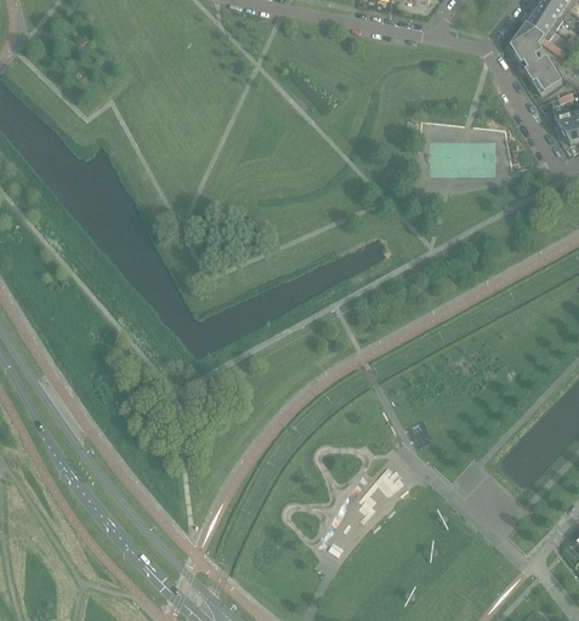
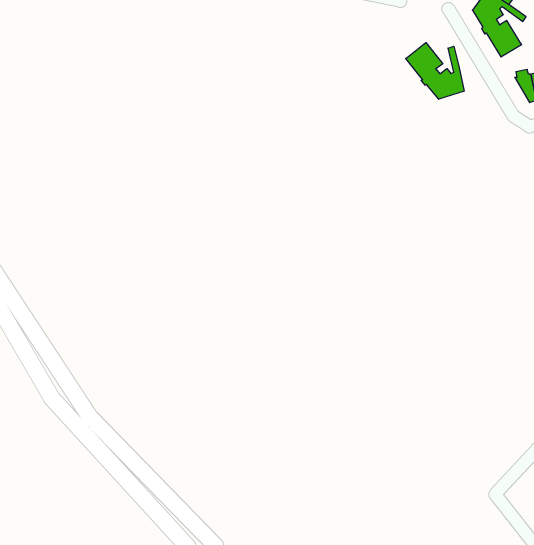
building: none -> [406,43,464,99]

